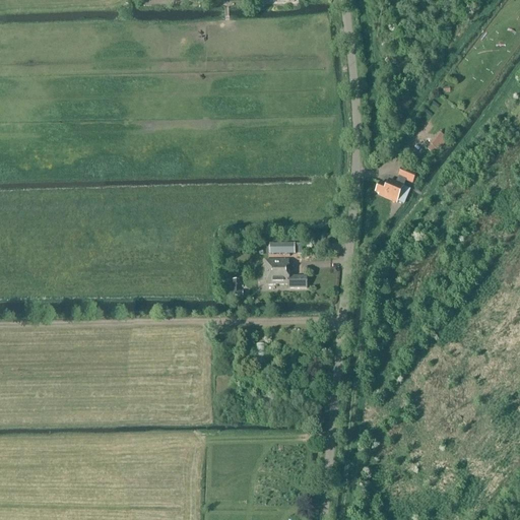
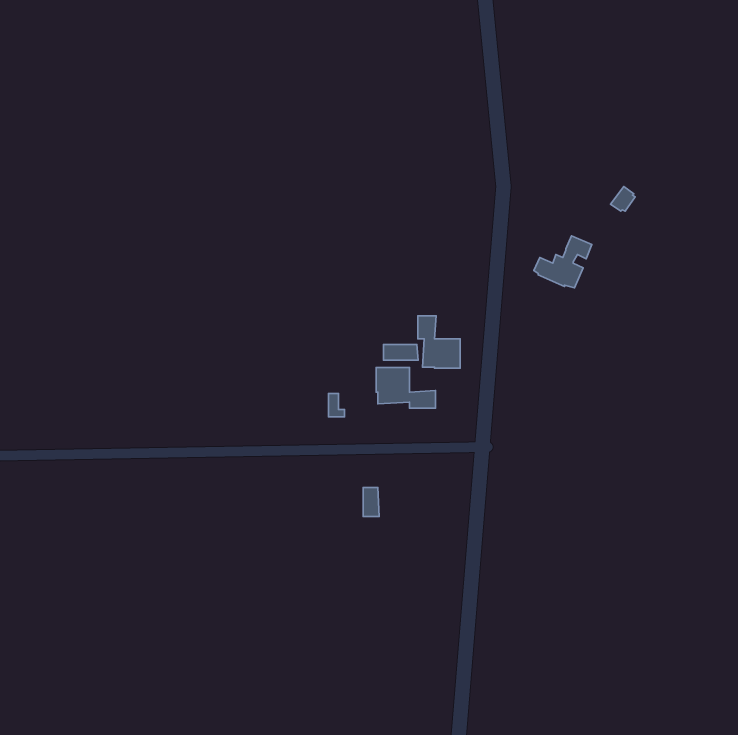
building: none -> [418,316,460,368]

